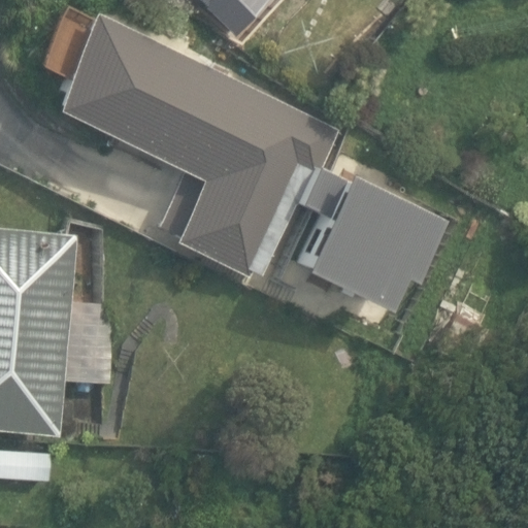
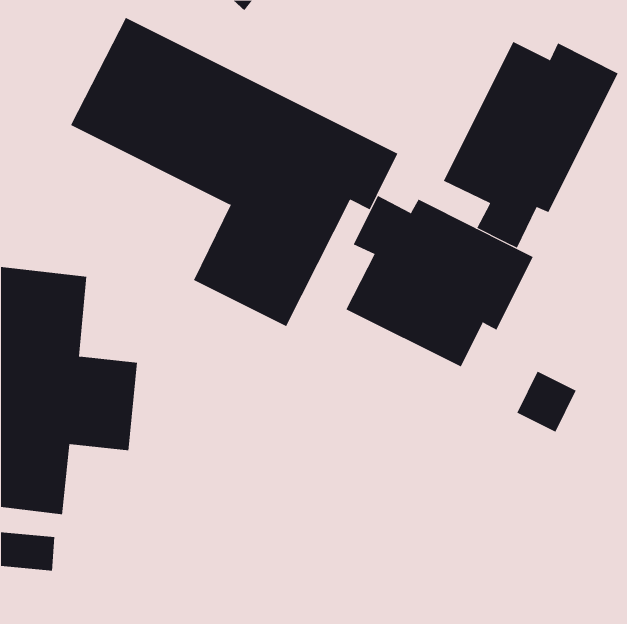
building: none -> [443,41,619,248]

